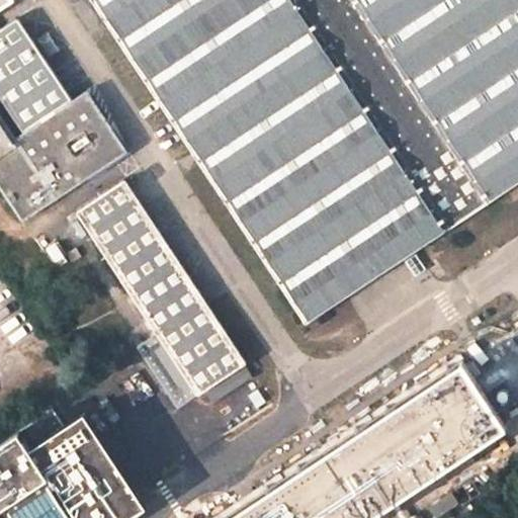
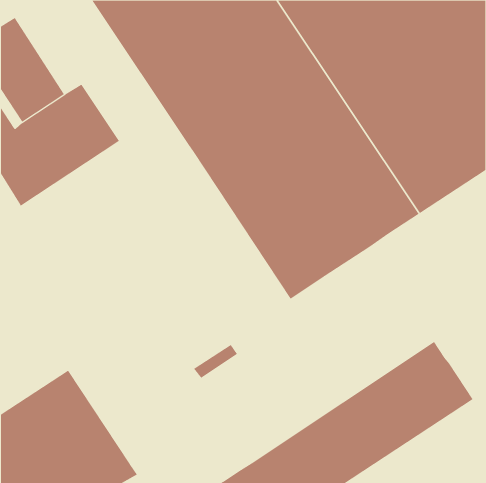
building: [76,183,245,411] -> none

